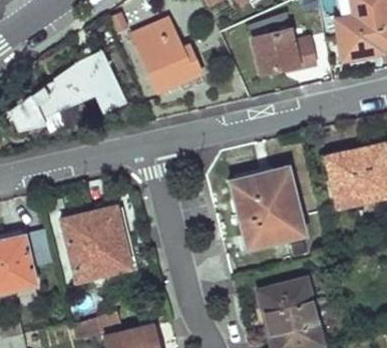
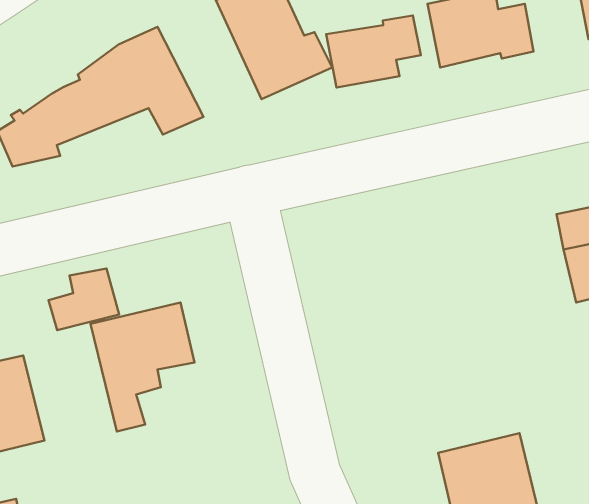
building: none -> [326,15,421,87]
building: [231,167,302,248] -> none
building: [89,240,129,275] -> [48,268,119,330]

